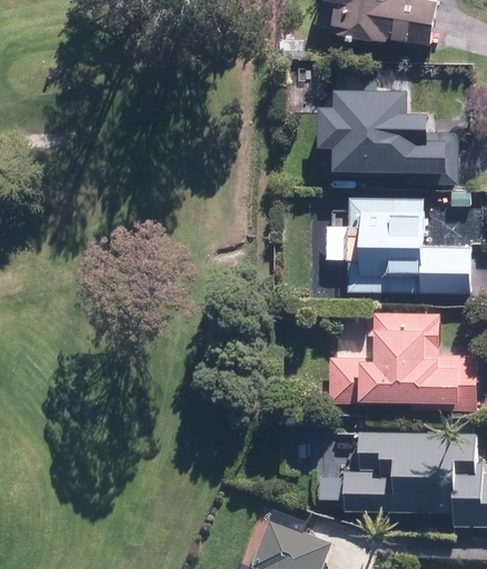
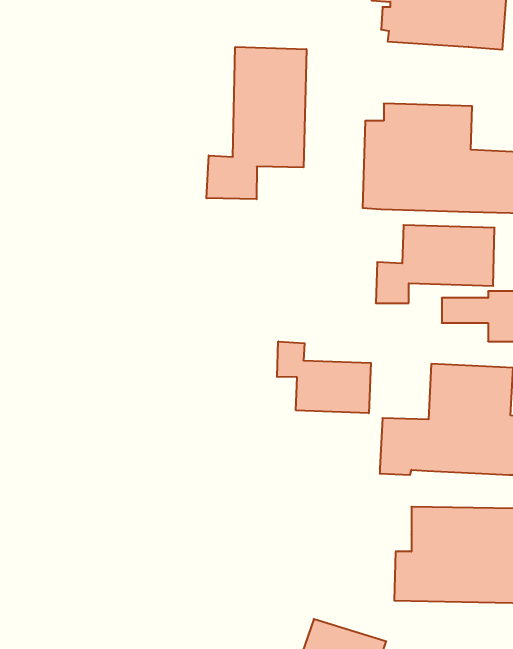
building: none -> [206,47,306,199]
building: none -> [277,341,371,413]

